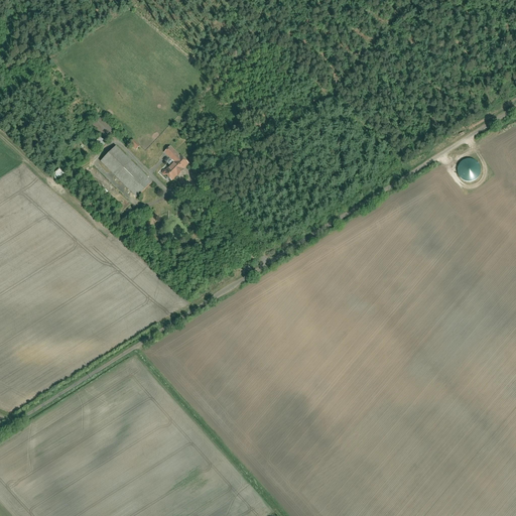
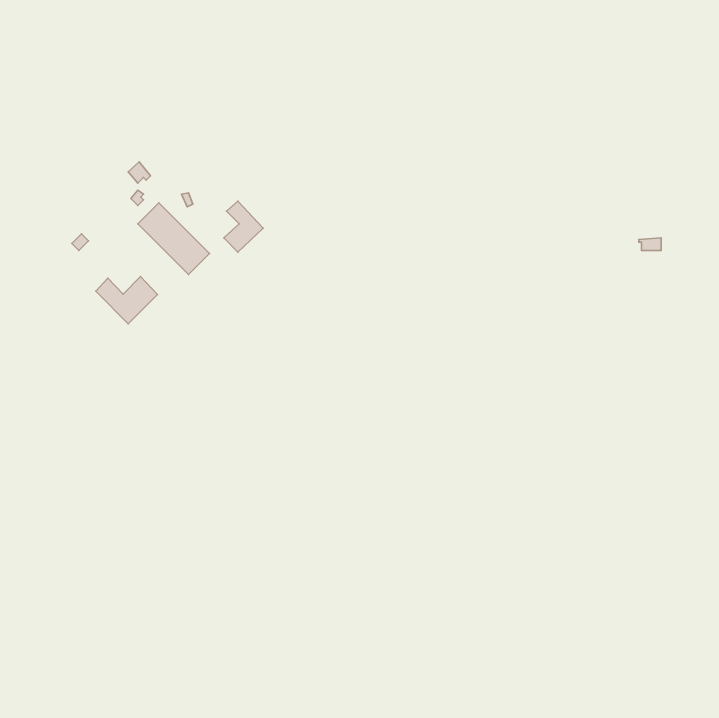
building: none -> [96,276,158,324]

